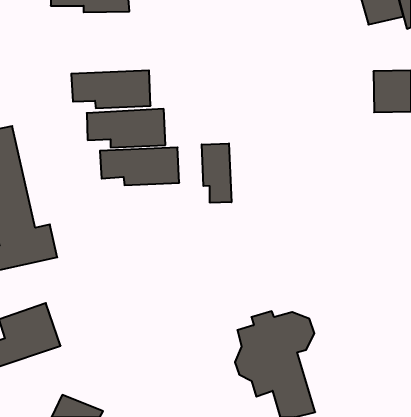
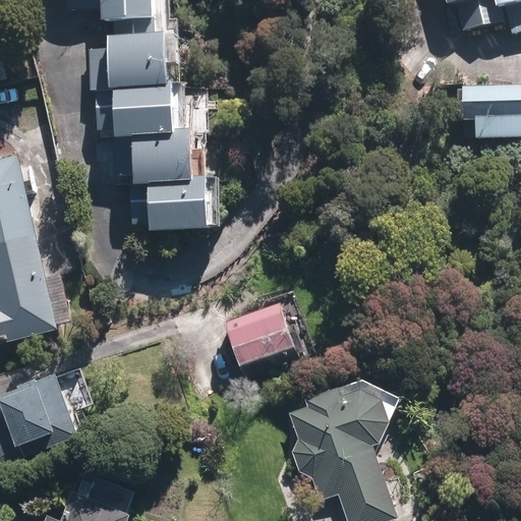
building: none -> [85,37,189,88]
building: [202,143,231,203] -> none
building: none -> [228,301,293,357]

